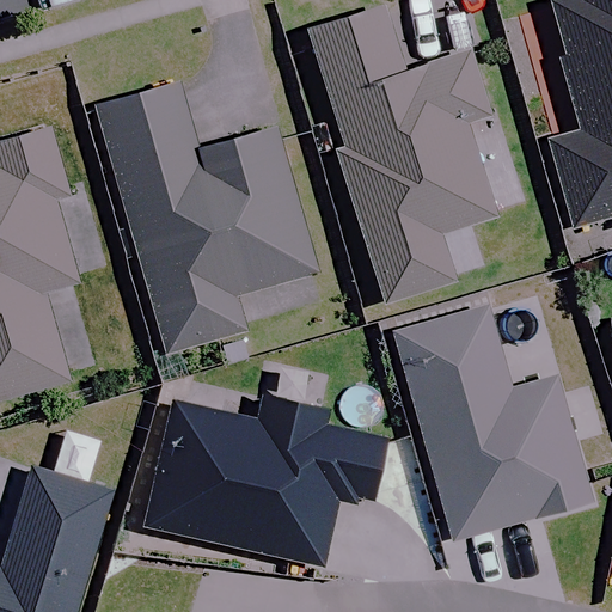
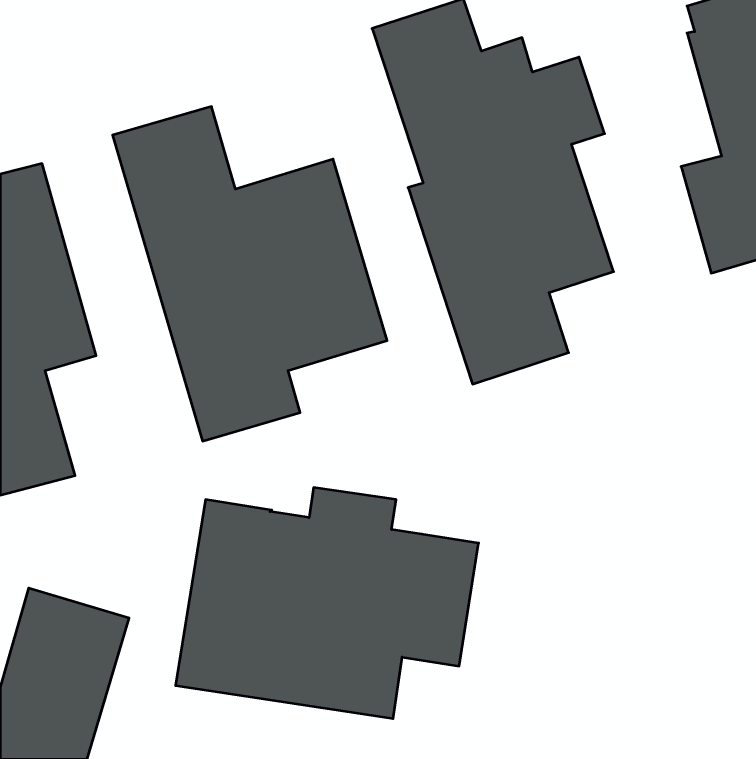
building: [396,307,588,536] -> none

